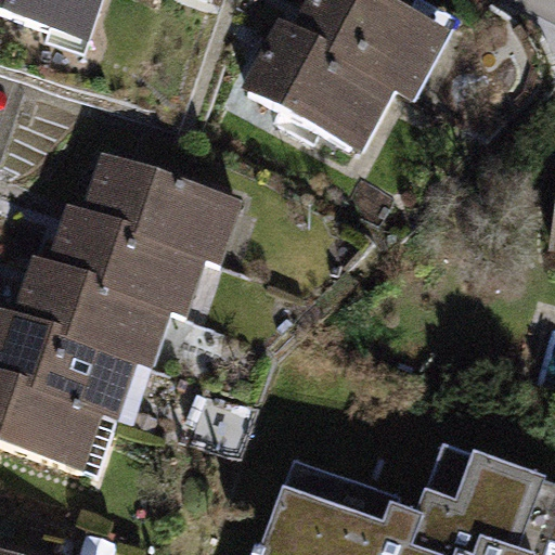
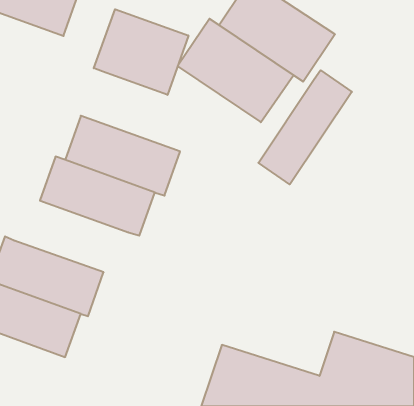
building: none -> [94,9,188,95]
building: none -> [258,70,352,184]
building: [18,261,171,366] -> none

